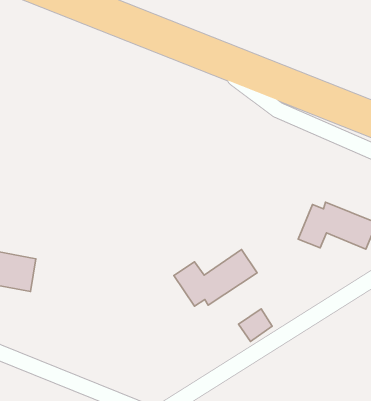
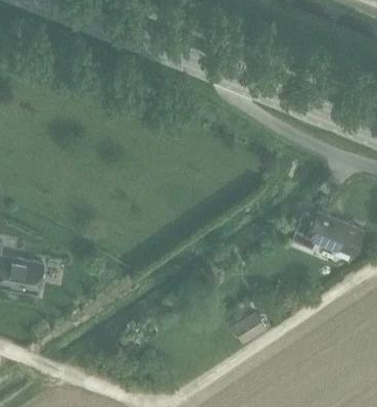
building: [174,250,257,306] -> none

